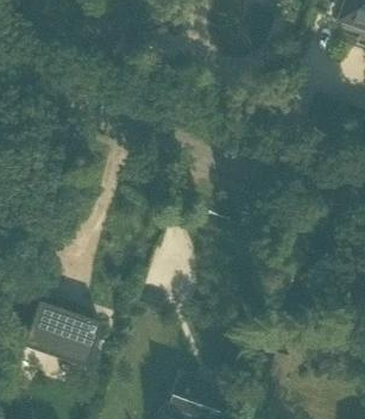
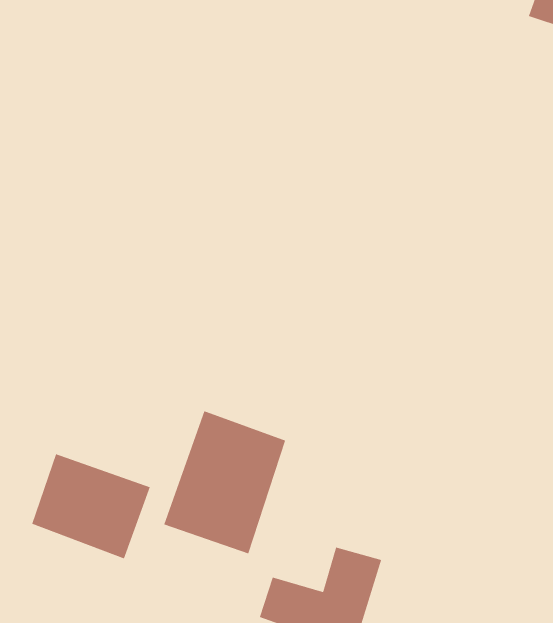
building: none -> [163,410,286,555]

